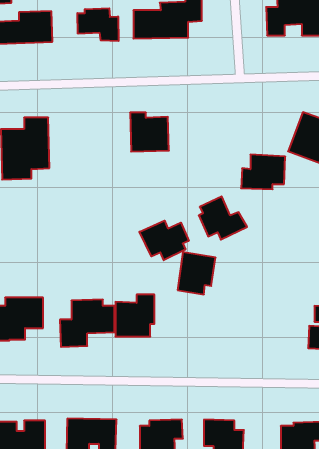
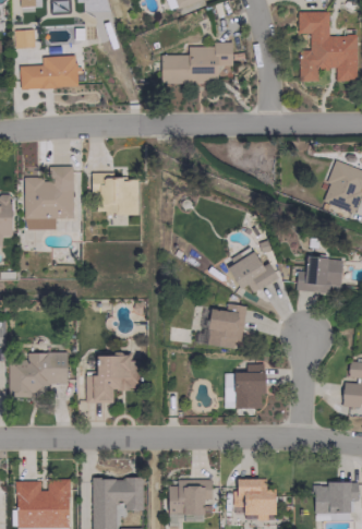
building: [77,8,119,41] -> none
building: [130,113,169,152] -> [98,175,138,215]
building: [241,155,285,189] -> [297,256,342,292]
building: [139,221,189,260] -> none
building: [115,295,154,337] -> [225,364,265,408]

